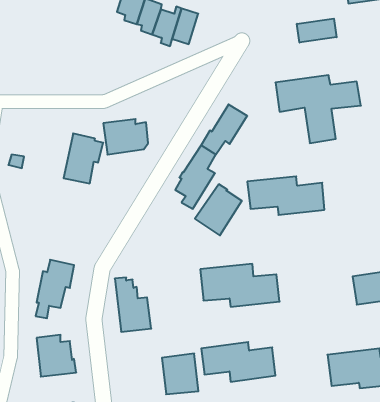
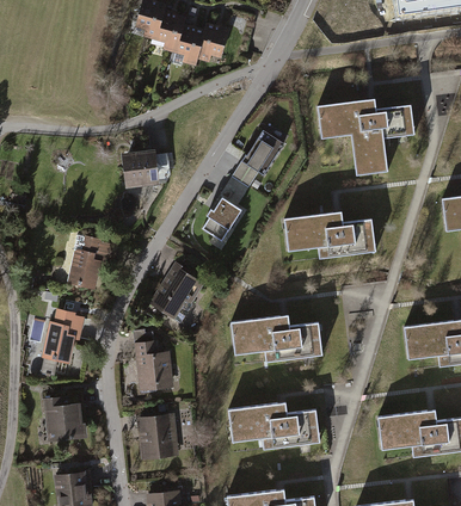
building: [297,19,337,43] -> none
building: [64,133,103,183] -> [67,232,112,289]
building: [195,184,242,235] -> [152,263,205,321]
building: [162,354,198,394] -> [137,413,179,459]

